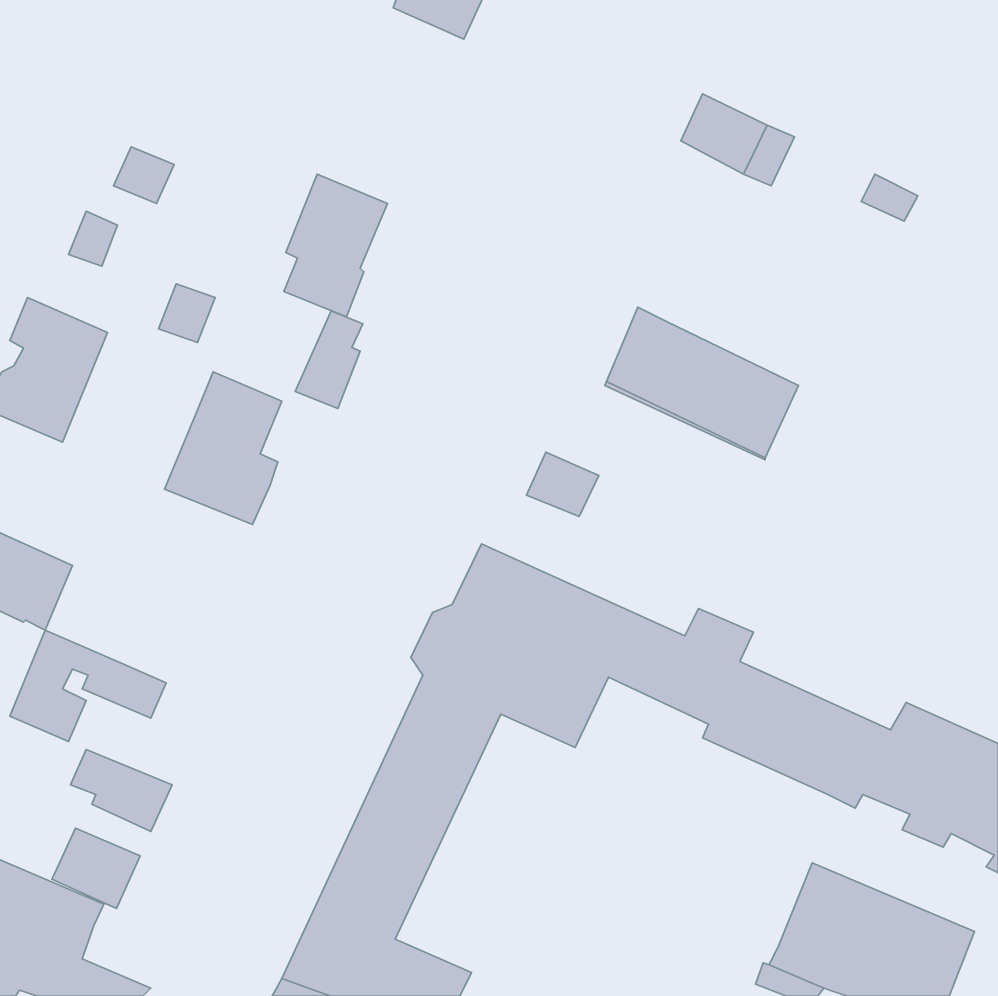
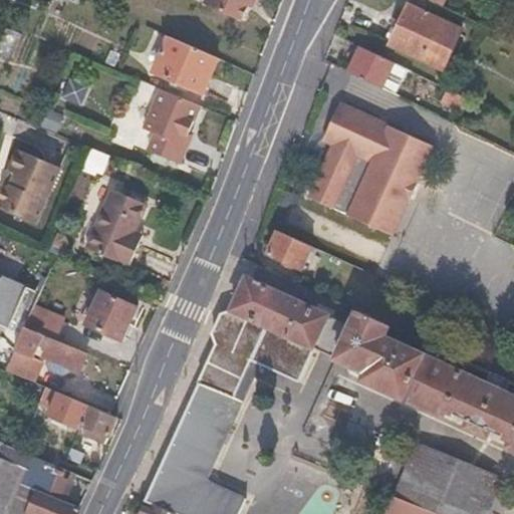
building: none -> [390,4,463,71]
building: none -> [154,38,218,94]
building: none -> [323,105,432,198]
building: [295,311,363,409] -> none
building: none -> [85,290,137,339]
building: none -> [23,302,69,339]
building: [52,828,140,909] -> [76,403,121,444]

